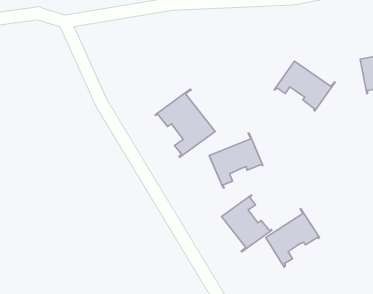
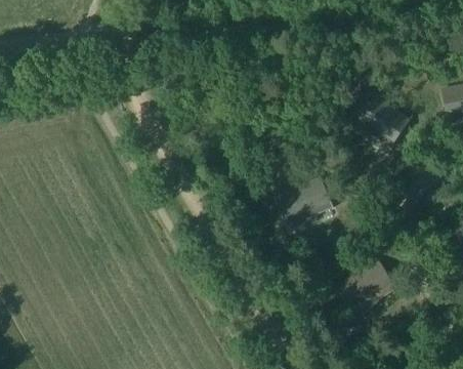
building: [155,89,215,157] -> none
building: [221,195,272,252] -> none

